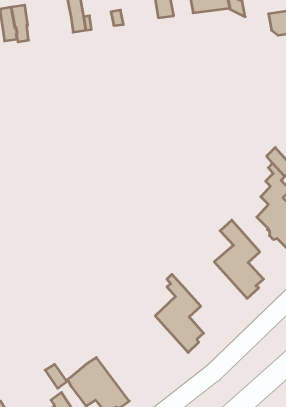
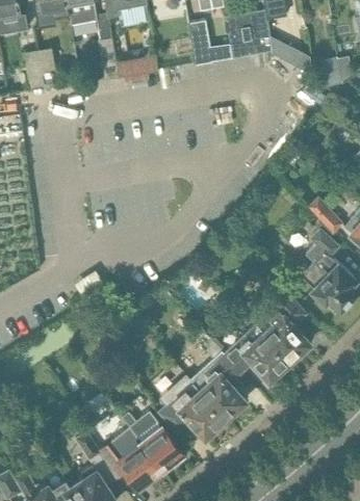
building: none -> [225,325,291,379]
building: none -> [160,377,228,438]
building: none -> [122,412,186,475]

